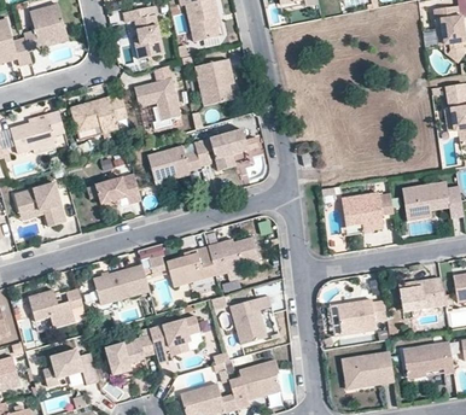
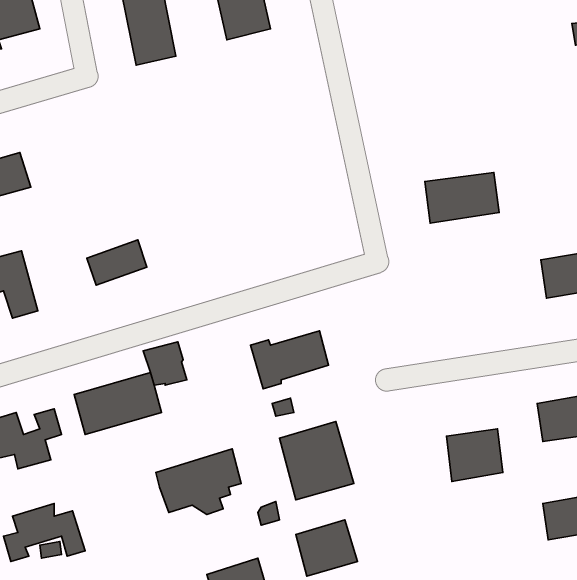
building: [199,64,237,103] -> none
building: [136,84,179,124] -> none
building: [74,98,122,138] -> none
building: [197,128,252,169] -> none
building: [150,145,196,181] -> none
building: [342,191,391,224] -> [425,172,499,223]
building: [167,245,217,285] -> none
building: [106,339,156,374] -> none
building: [343,353,394,391] -> none

